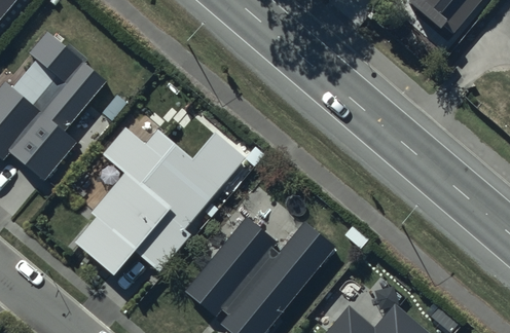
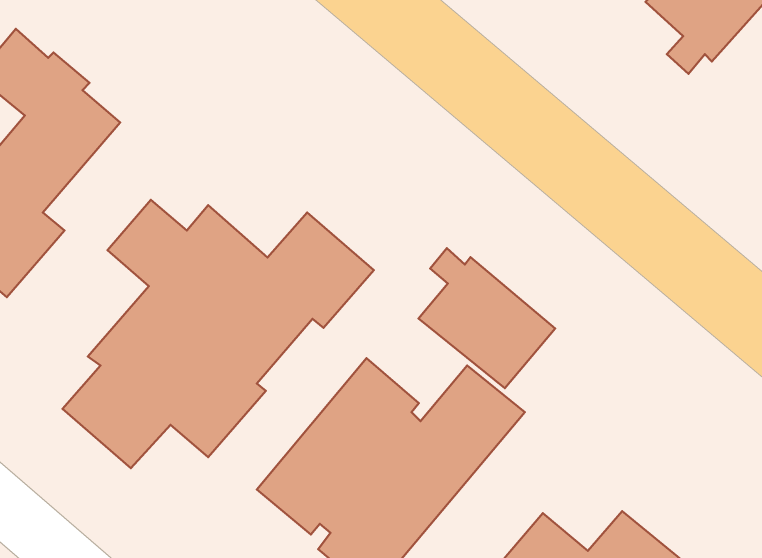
building: none -> [419,248,555,388]

